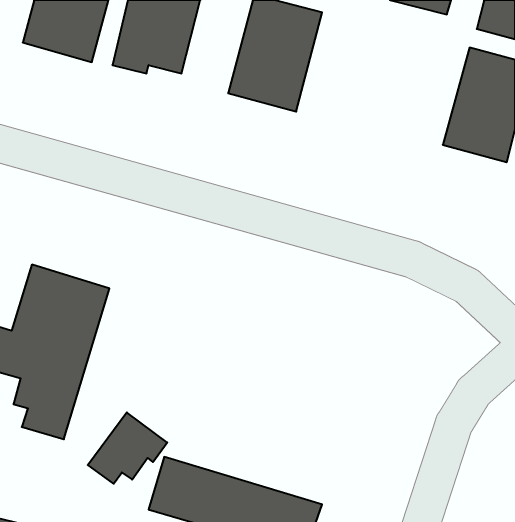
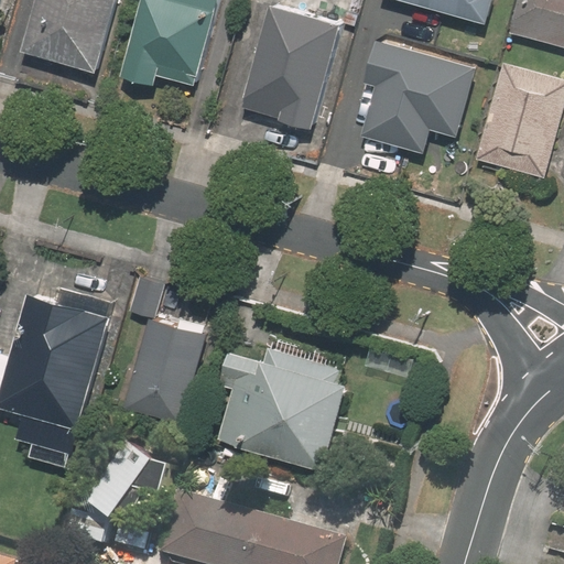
building: none -> [350,41,465,161]
building: none -> [121,278,204,422]
building: none -> [217,345,347,470]

